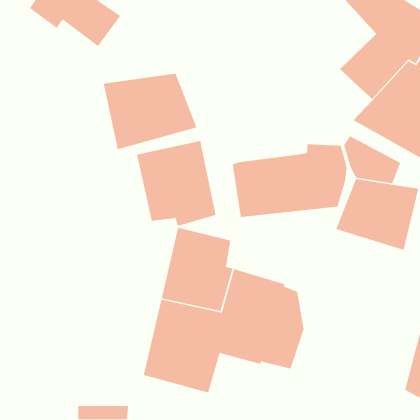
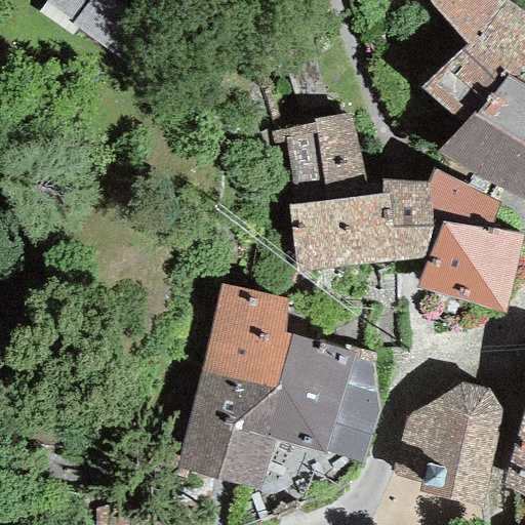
building: [103,73,198,150] -> none
building: none -> [273,111,370,201]
building: [136,140,216,227] -> none
building: none -> [395,383,503,504]

